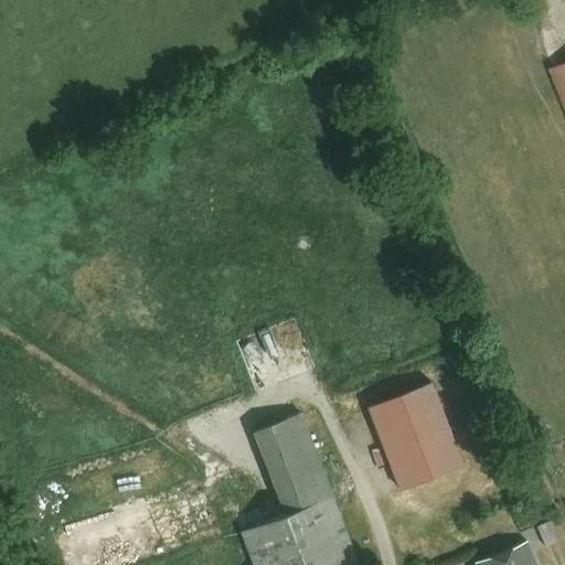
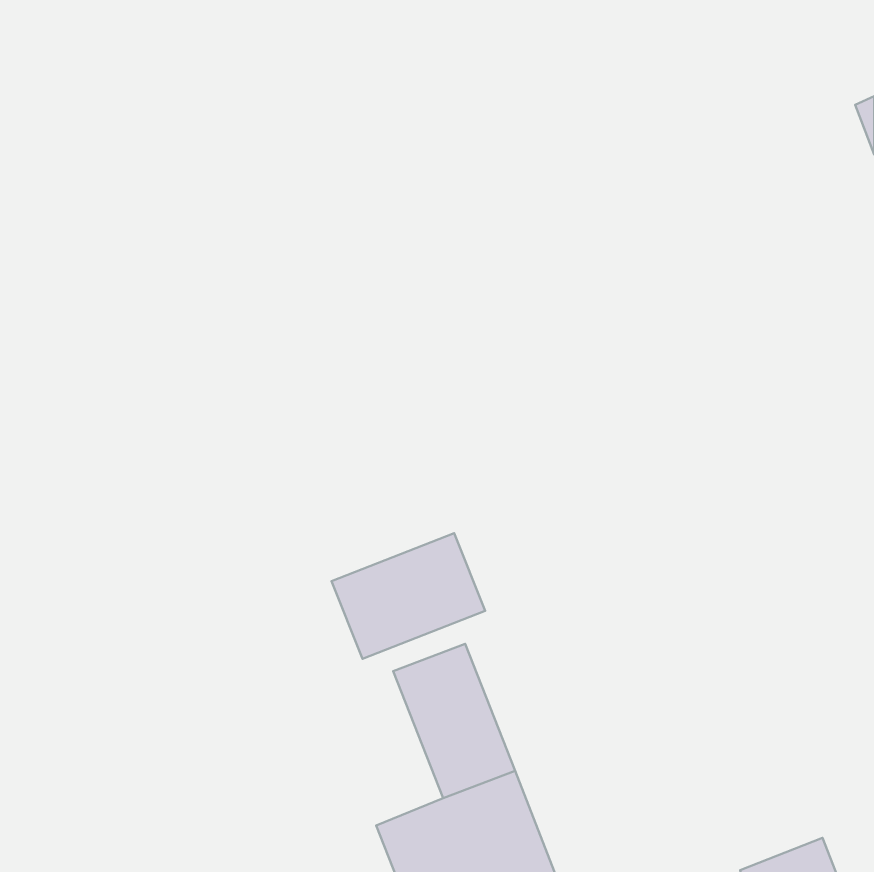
building: none -> [331,533,485,659]
building: [369,382,466,490] -> none

